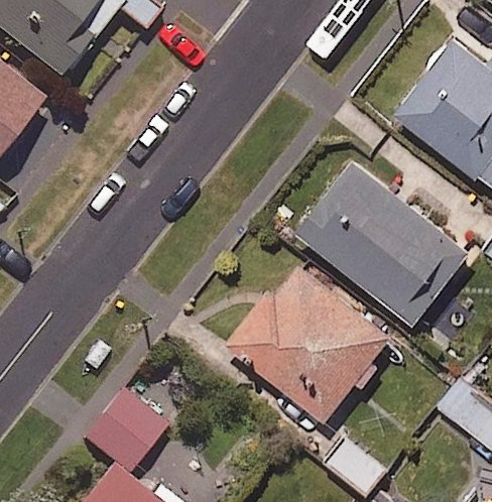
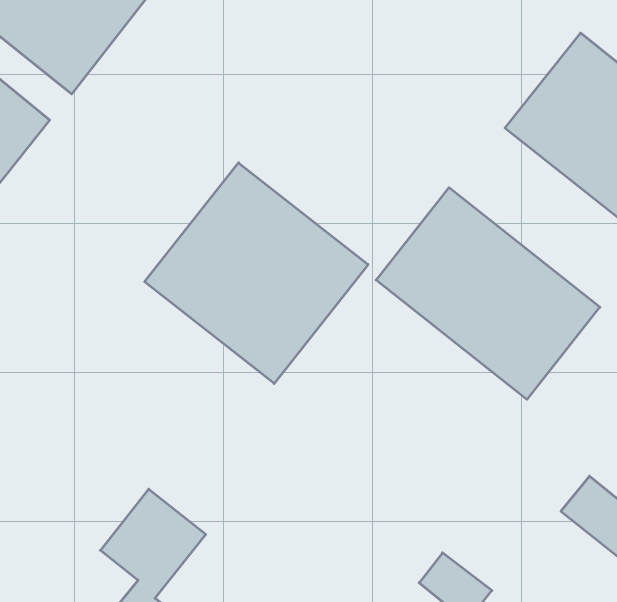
building: none -> [145,163,368,384]
building: [227,260,391,421] -> none

